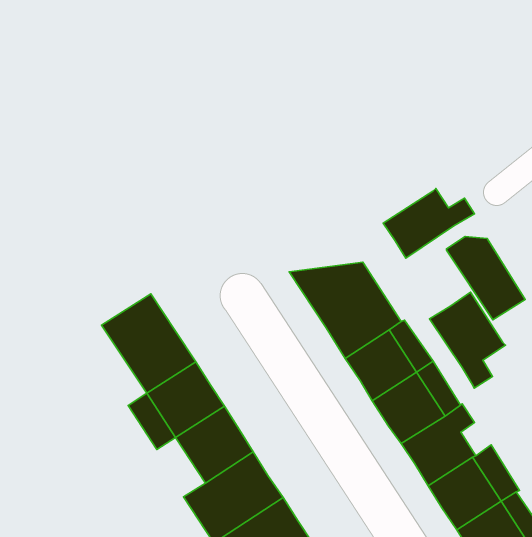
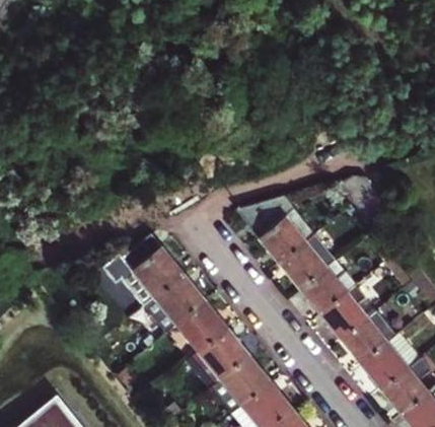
building: [383,189,474,258] -> none
building: [430,292,506,388] -> none
building: none -> [104,258,156,310]

